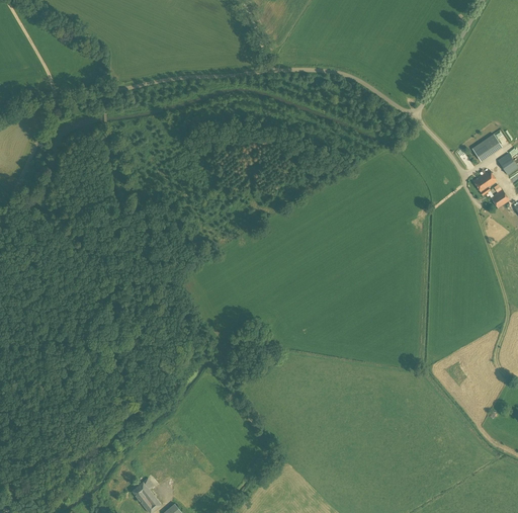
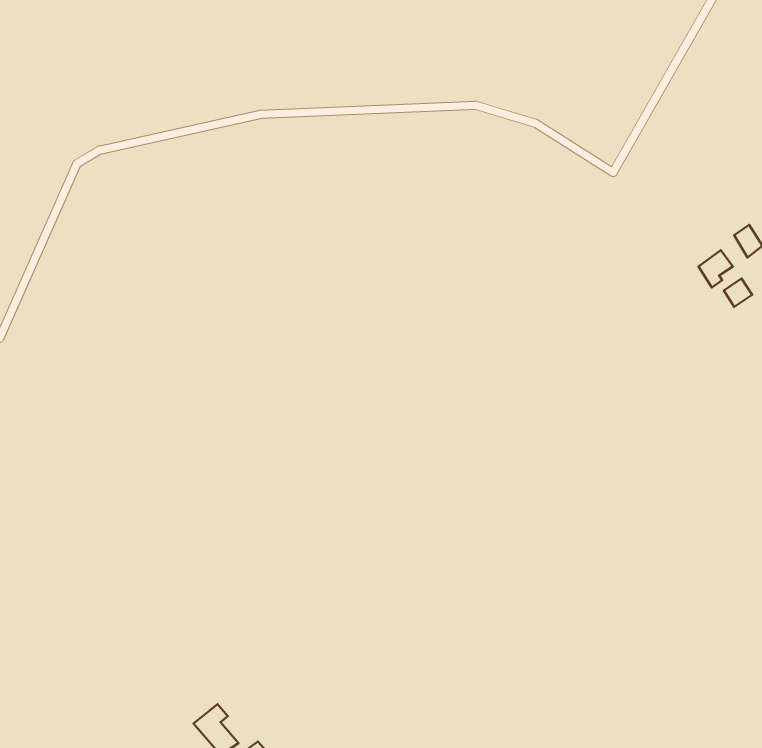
building: [471,134,502,161] -> none

